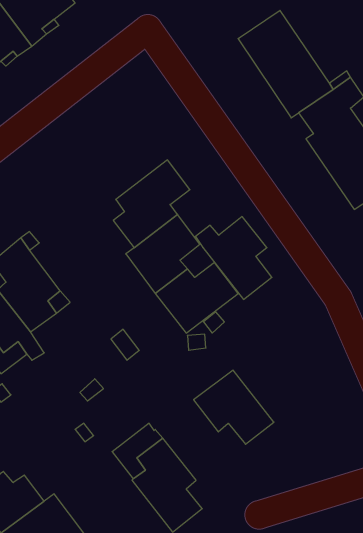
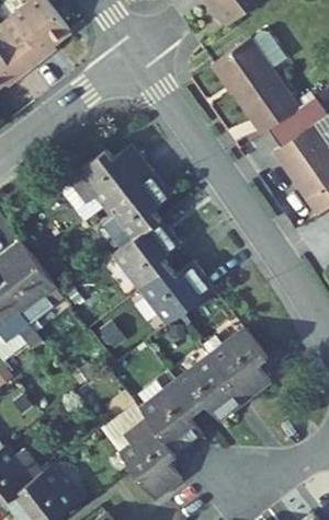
building: none -> [58,145,151,221]
building: [195,217,272,299] -> [203,330,271,403]
building: none -> [140,383,202,454]

